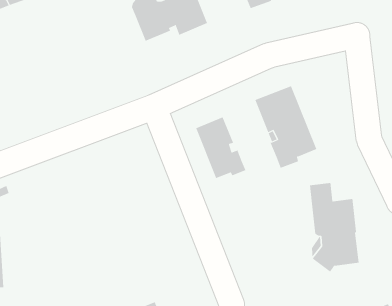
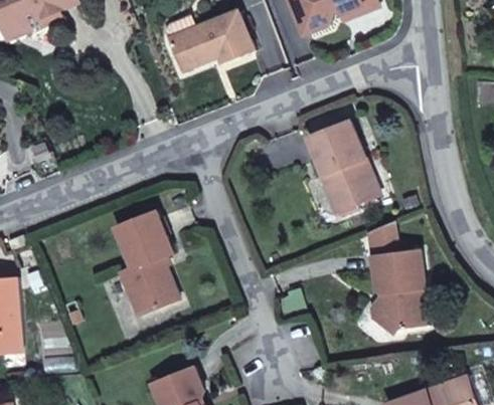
building: [196,116,246,179] -> none
building: none -> [116,212,178,315]

